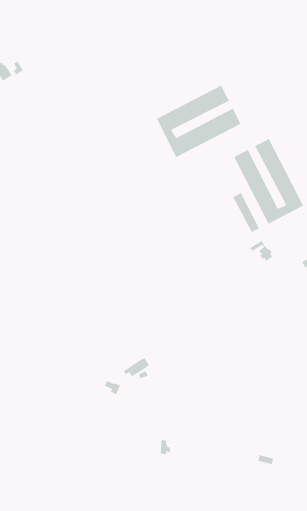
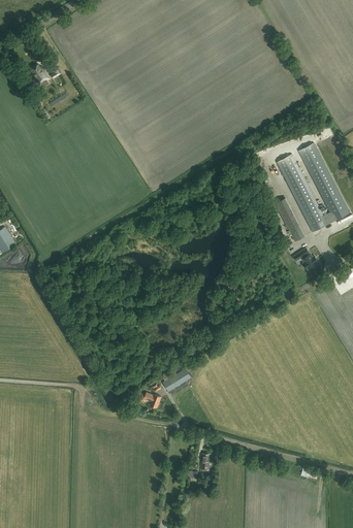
building: [156,85,241,158] -> none

